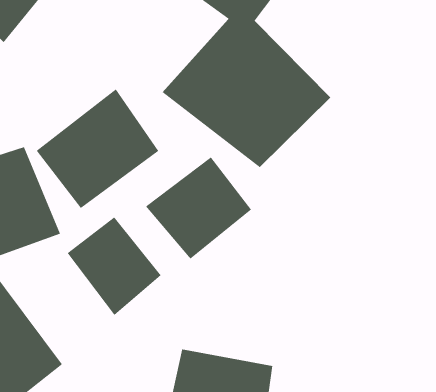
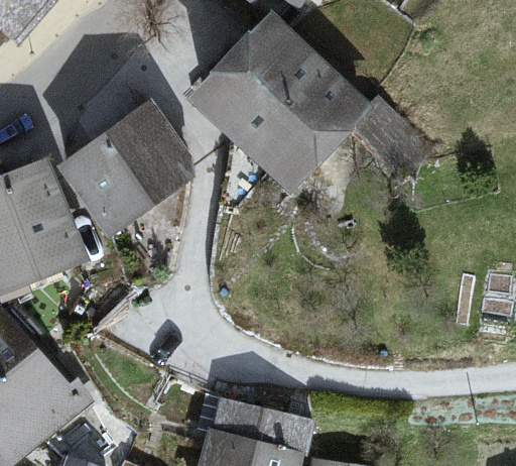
building: [145,156,252,259] -> none
building: [67,217,161,316] -> none

